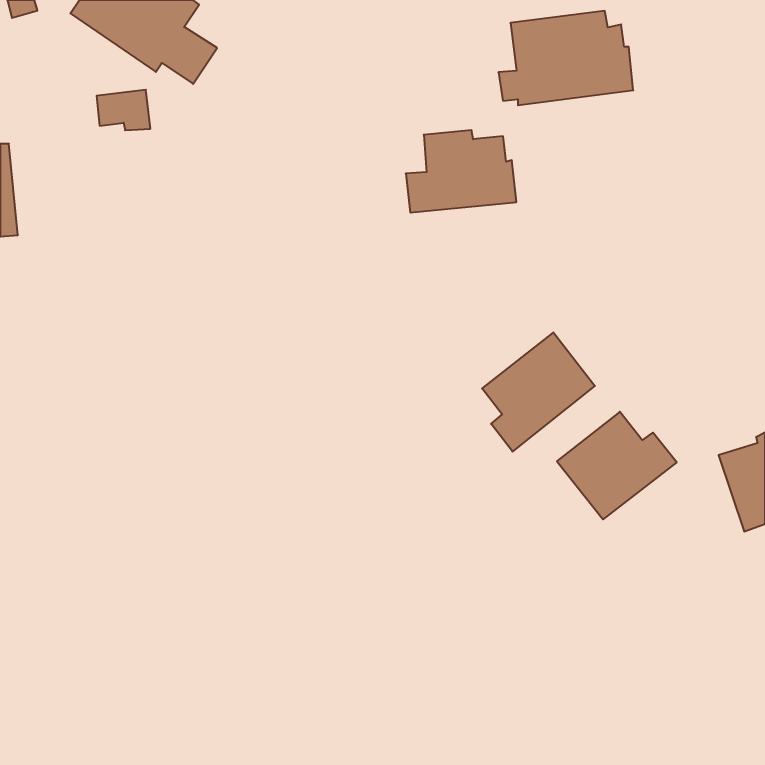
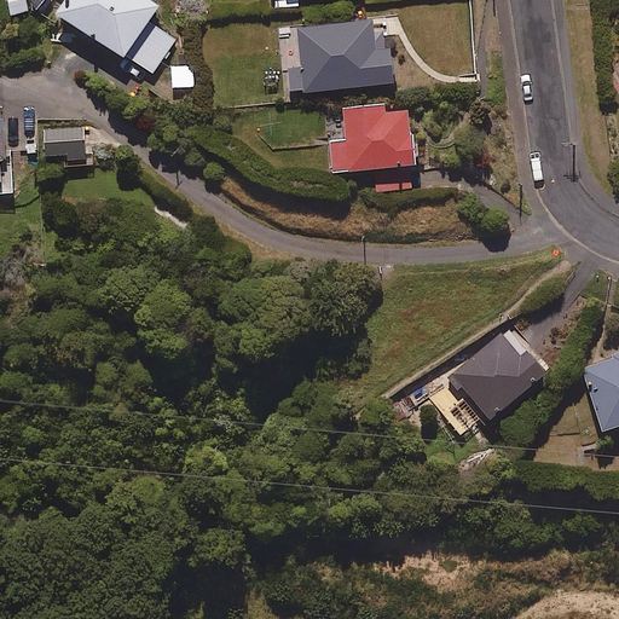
building: [498,11,633,105] -> [284,18,393,94]
building: [97,90,150,130] -> [46,126,89,158]
building: [482,332,595,452] -> none

